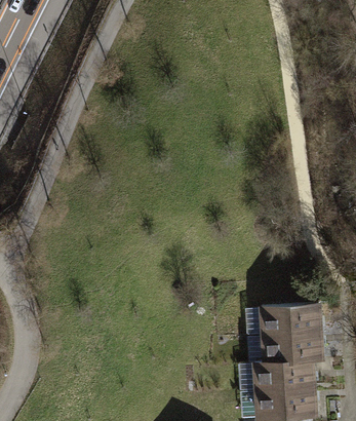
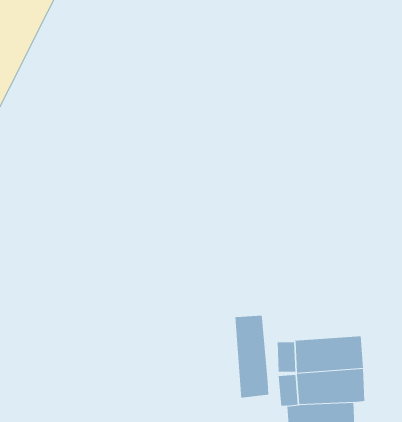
building: none -> [235,315,269,398]

